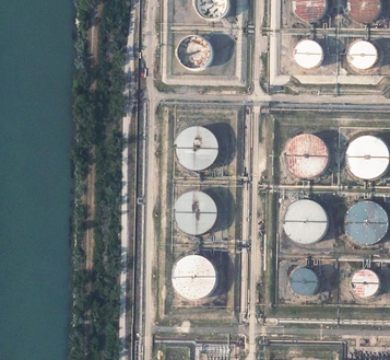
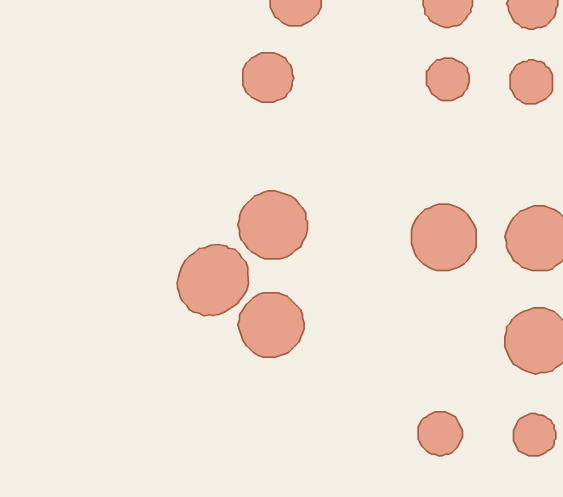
building: none -> [177,245,249,316]
building: [284,199,328,243] -> none
building: [175,254,216,297] -> none

